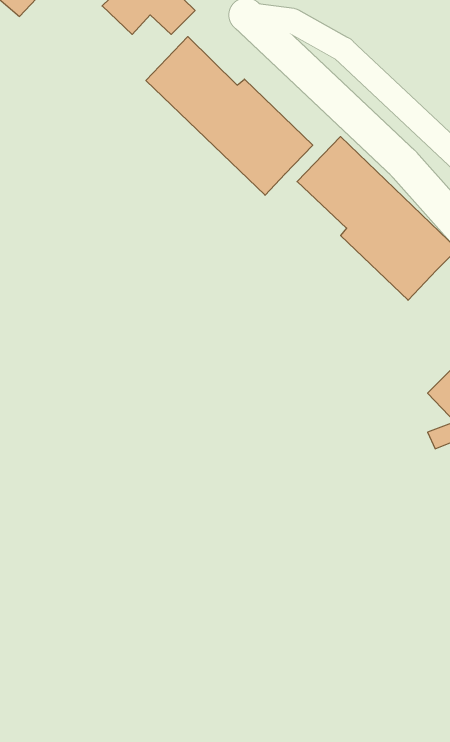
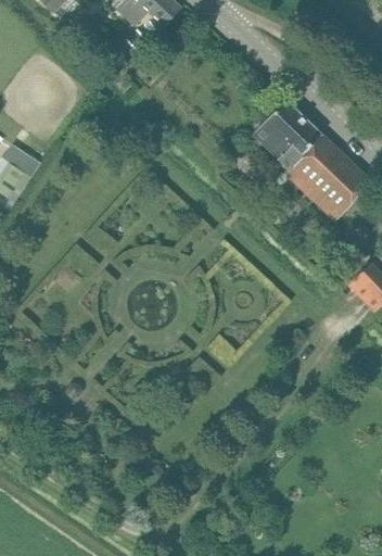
building: [146,37,313,195] -> none

